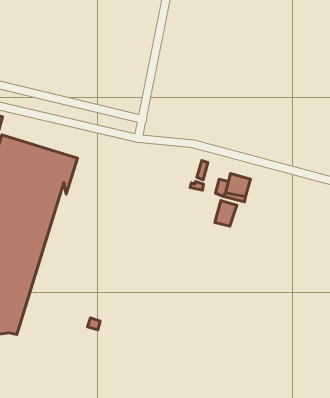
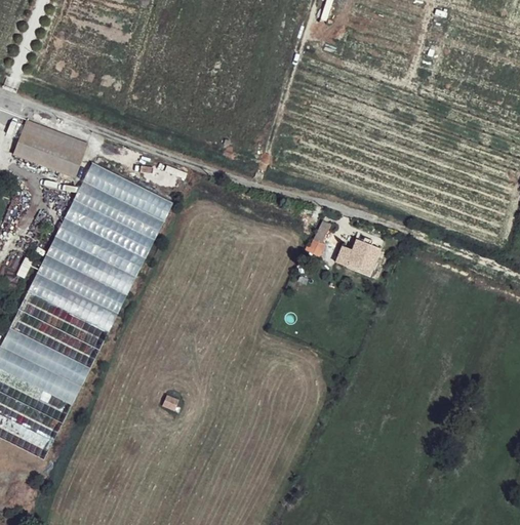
building: [215,200,237,226] -> none

